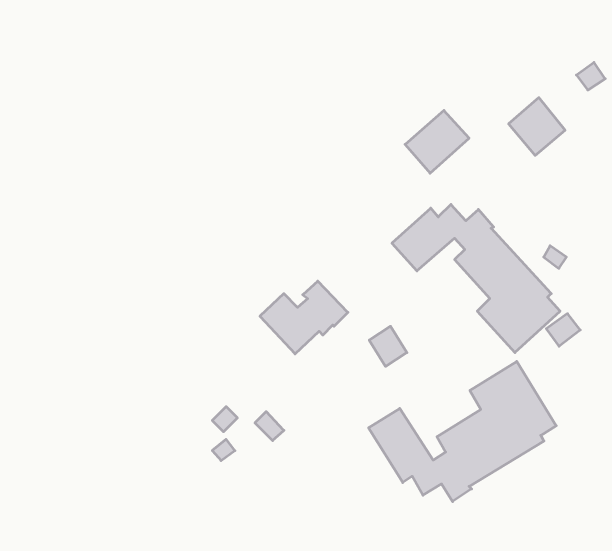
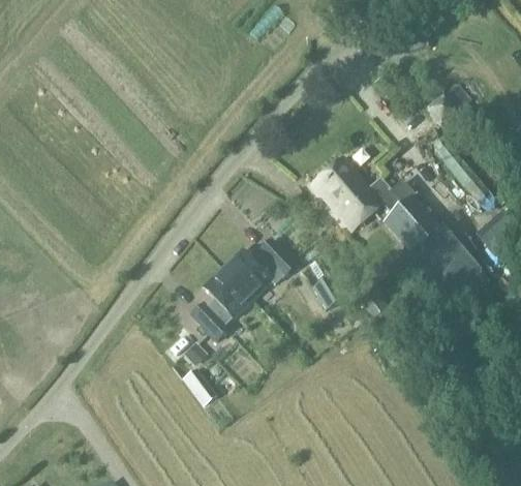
building: [405,110,469,173] -> [310,156,363,208]
building: none -> [191,268,251,340]
building: [369,361,556,502] -> none

